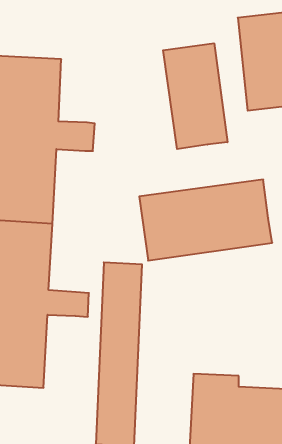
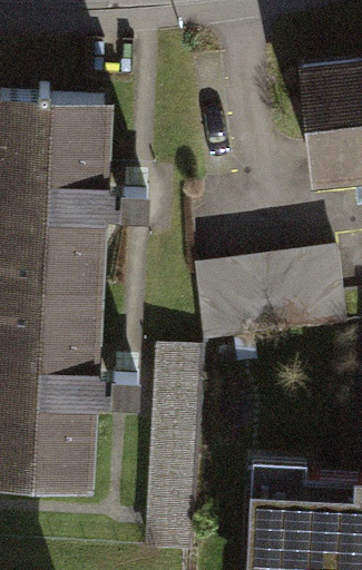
building: [163,43,227,149] -> none

